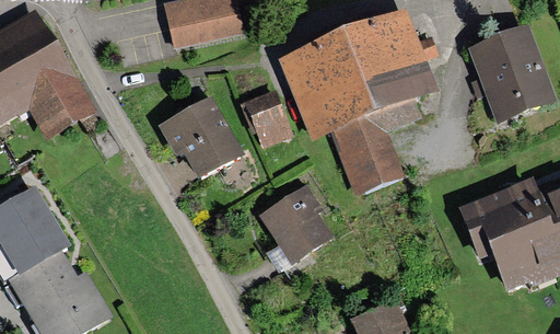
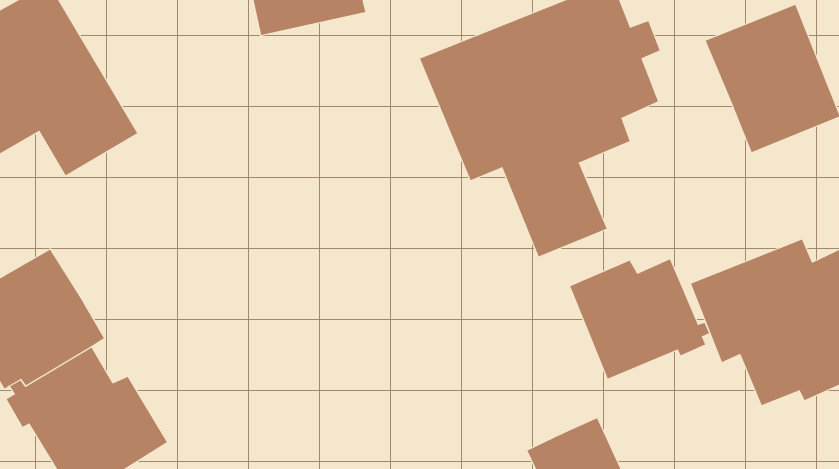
building: [240,89,293,146] -> none
building: [158,95,243,180] -> none
building: [259,184,332,262] -> none
building: none -> [570,259,710,379]

